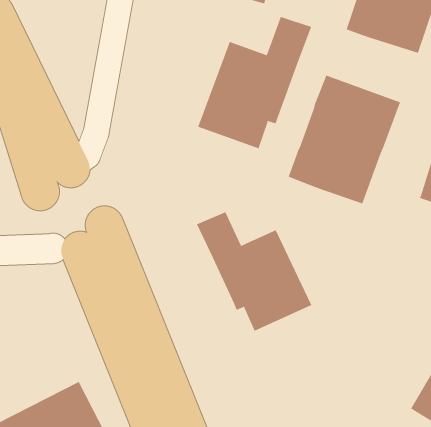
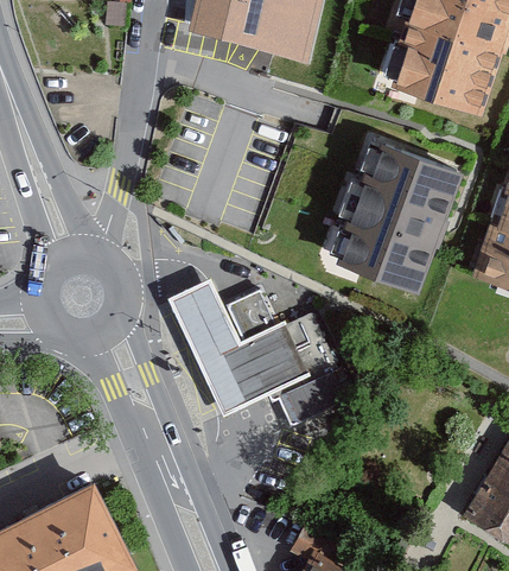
building: [197,16,312,149] -> none
building: none -> [168,280,267,415]

